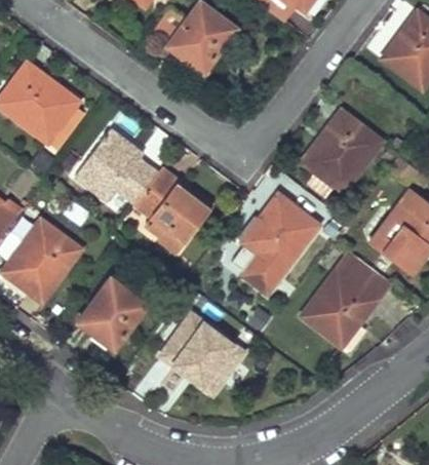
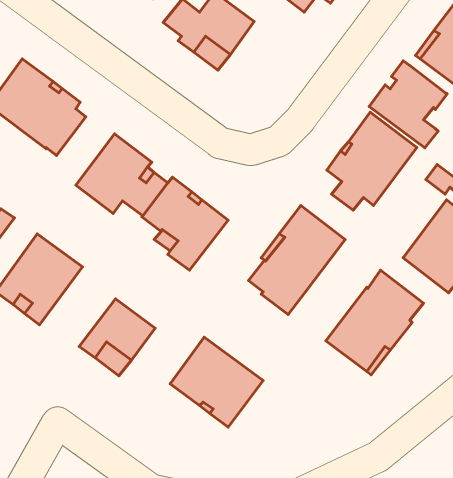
building: none -> [369,61,447,148]

